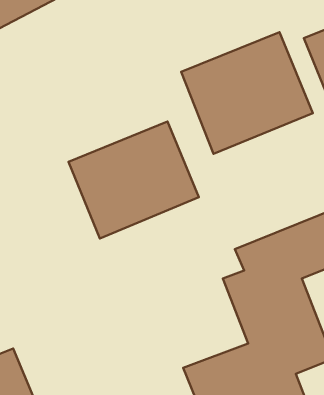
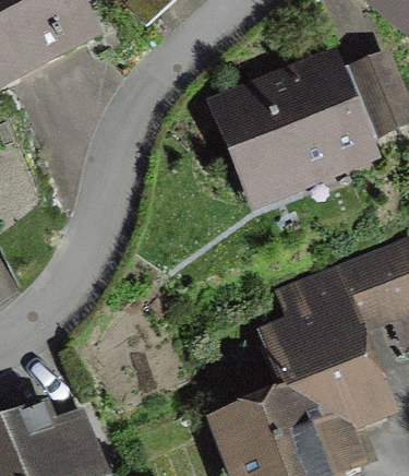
building: [69,122,199,238] -> none

